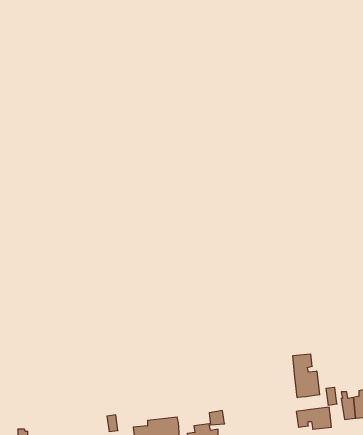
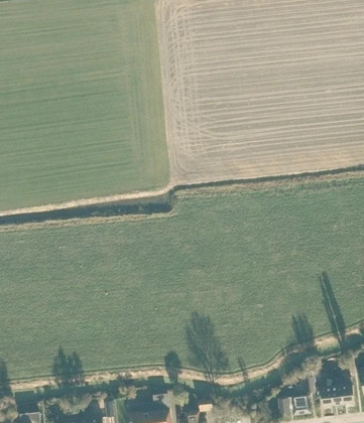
building: [293,354,320,398] -> none

